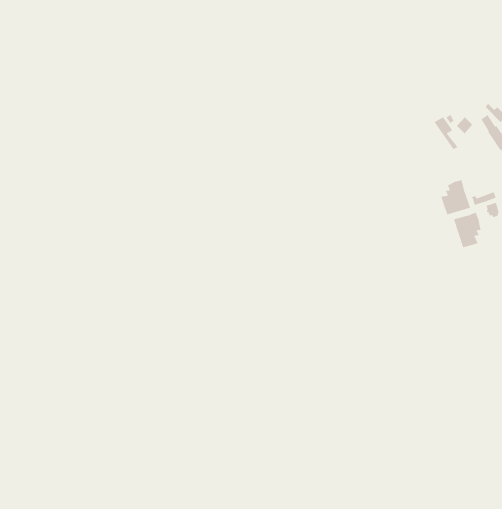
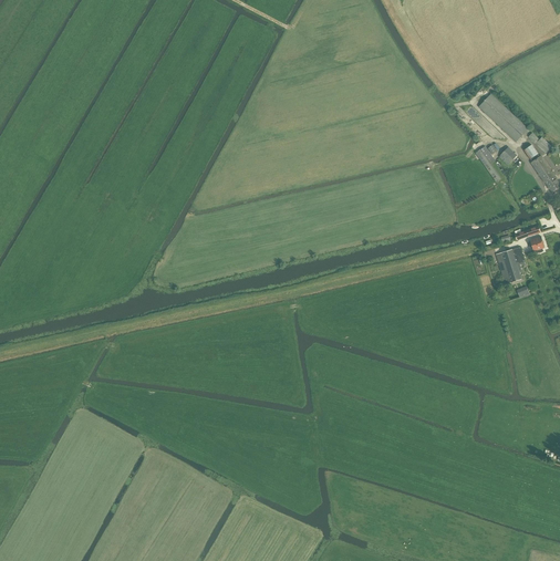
building: none -> [478,93,527,141]
building: [441,180,471,215] -> none

